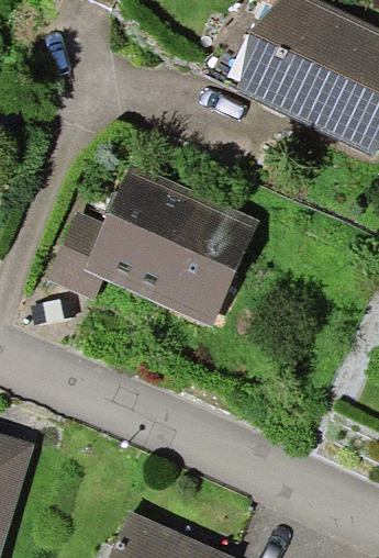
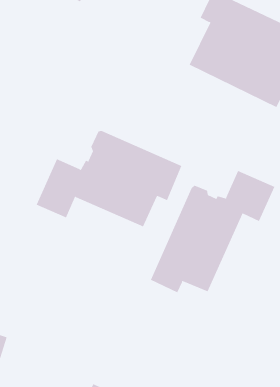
building: none -> [150,170,275,293]

